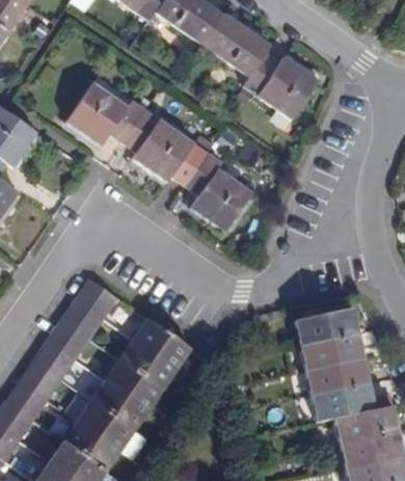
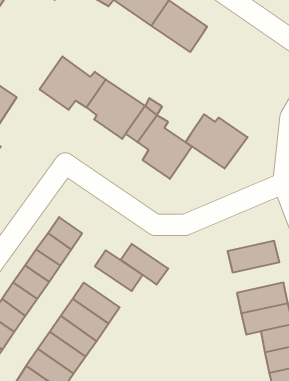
building: [243,52,319,118] -> [186,114,248,169]
building: [301,333,363,371] -> none
building: [119,339,178,389] -> [121,244,168,285]

